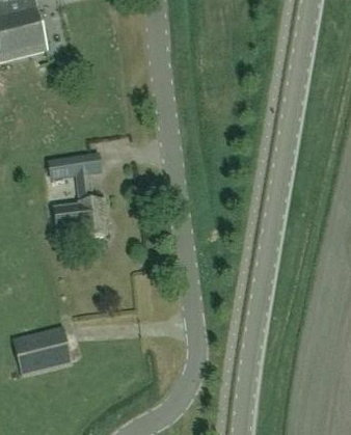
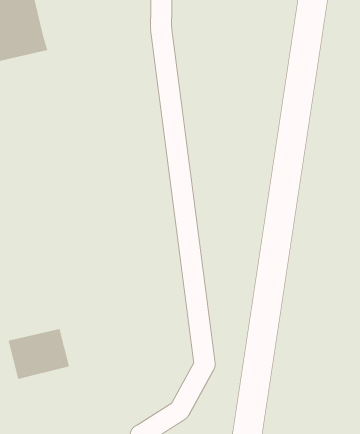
building: [48,152,105,236] -> none

